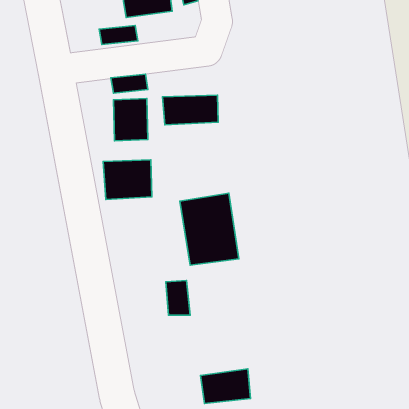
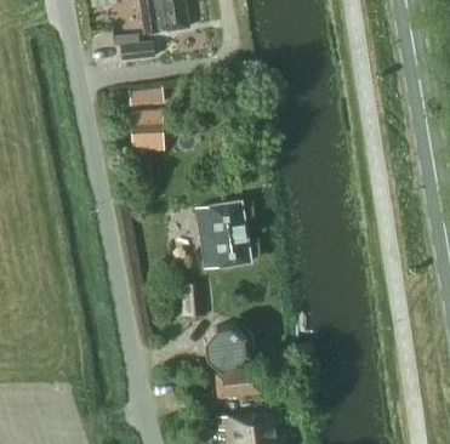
building: [162,95,218,125] -> none
building: [103,160,152,200] -> none
building: none -> [205,326,246,369]

